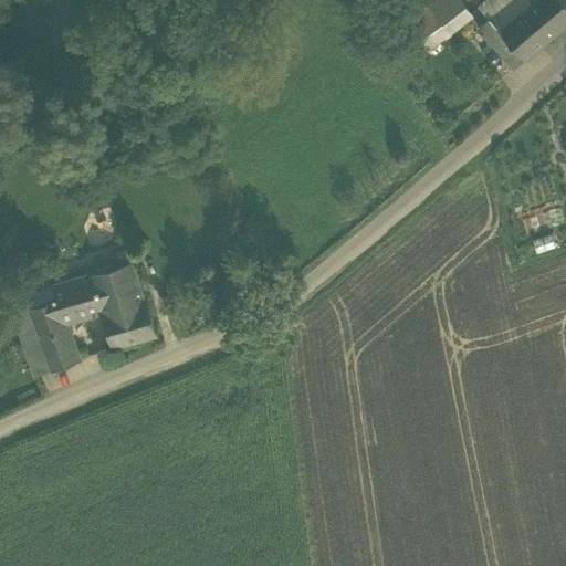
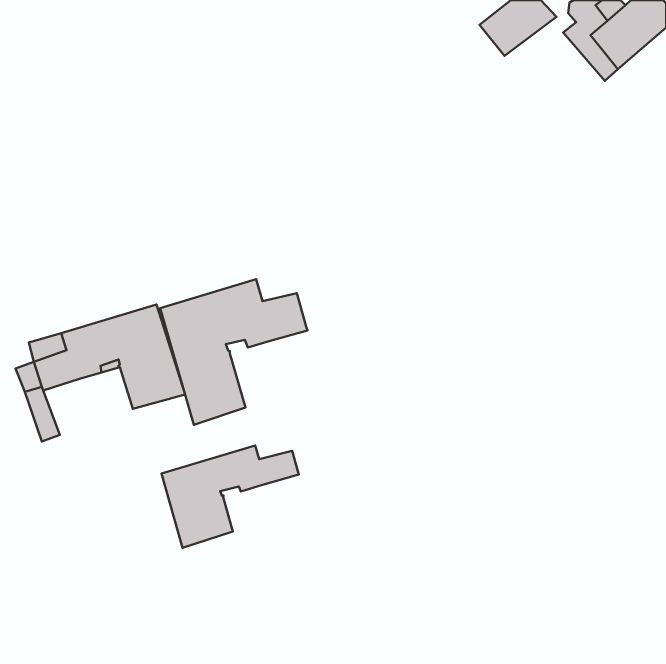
building: none -> [160,279,307,425]
building: [36,323,81,370] -> none
building: none -> [162,445,299,548]

